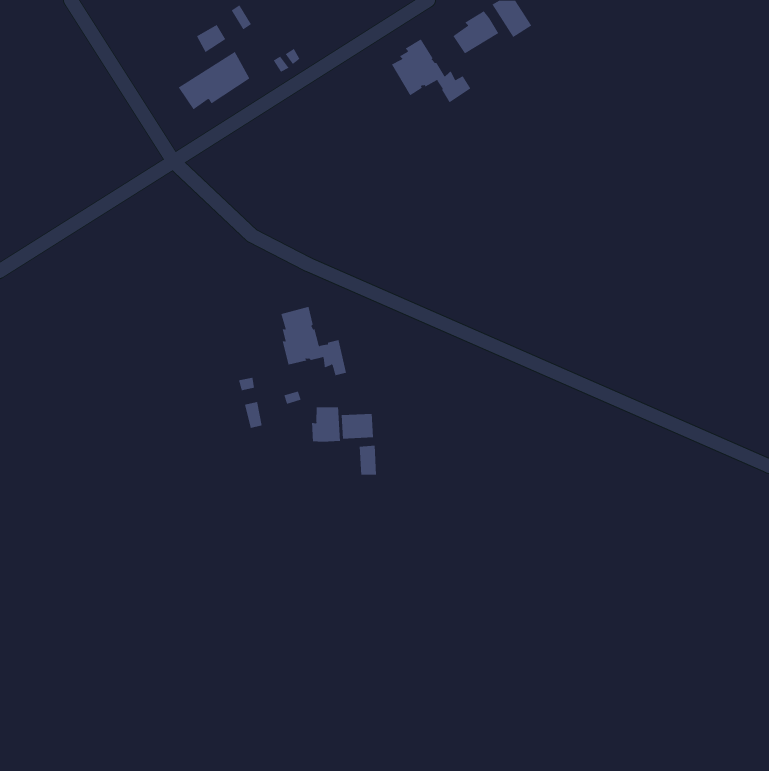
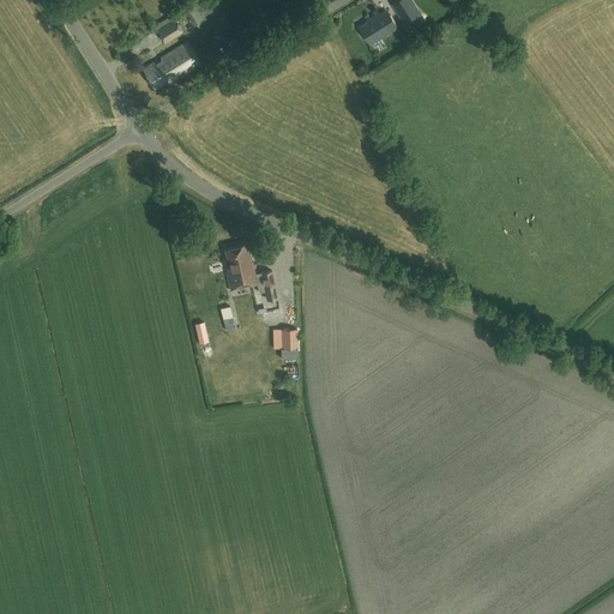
building: [391,38,471,103] -> none
building: [312,407,341,442] -> none

